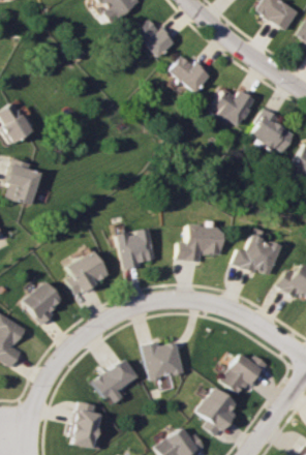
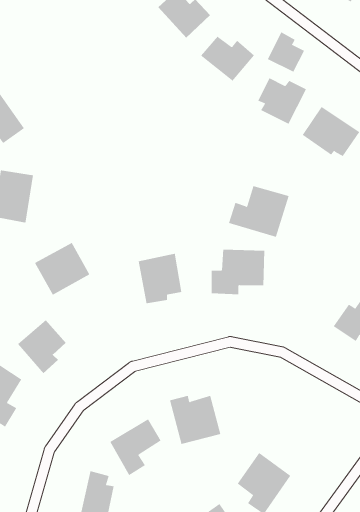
building: none -> [267,32,305,73]
building: [230,235,278,276] -> [228,185,289,237]
building: [62,251,106,294] -> [34,242,90,295]
building: [223,353,270,393] -> none

